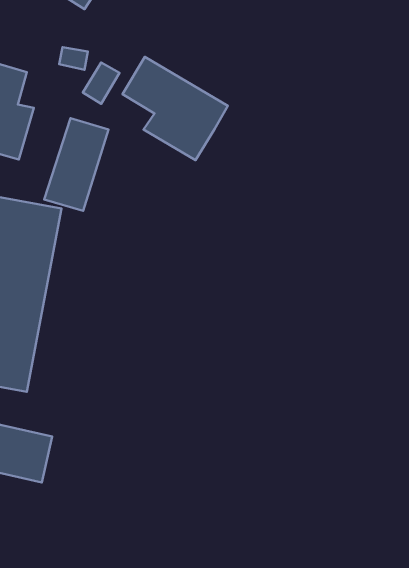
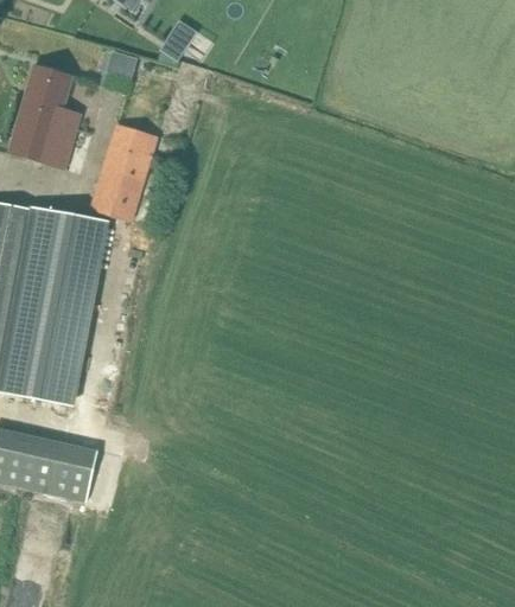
building: [122,57,228,160] -> none
building: [83,63,120,104] -> [158,20,196,63]

